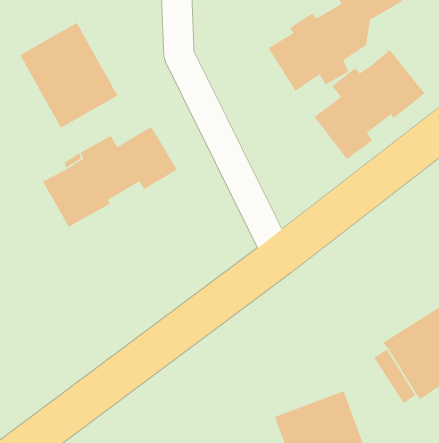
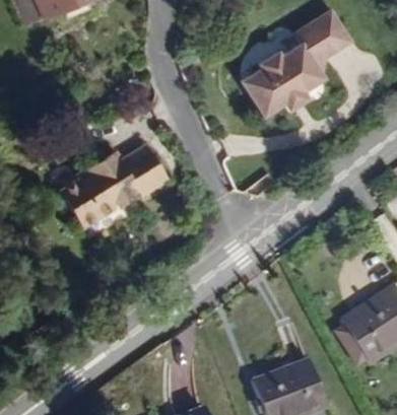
building: [19,22,119,129] -> none
building: [314,49,425,160] -> none

